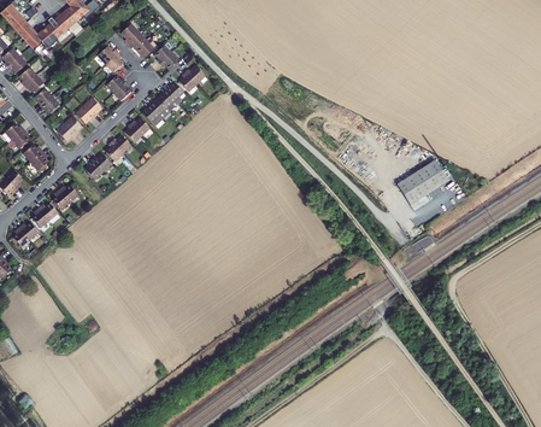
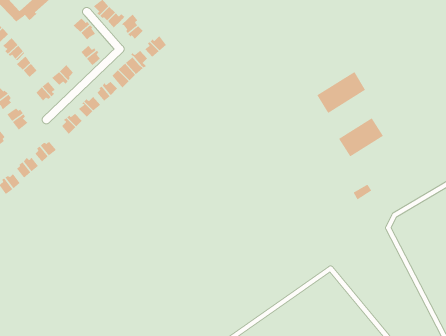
building: none -> [317,71,366,114]

